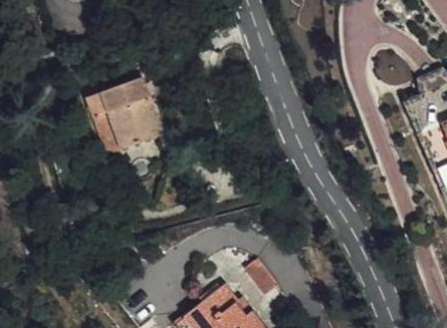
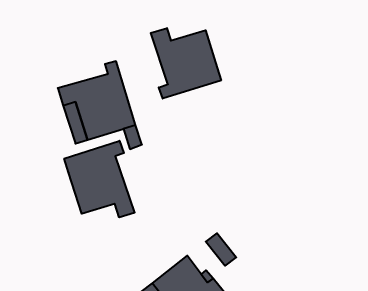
building: none -> [151,28,221,99]
building: none -> [64,141,135,217]

